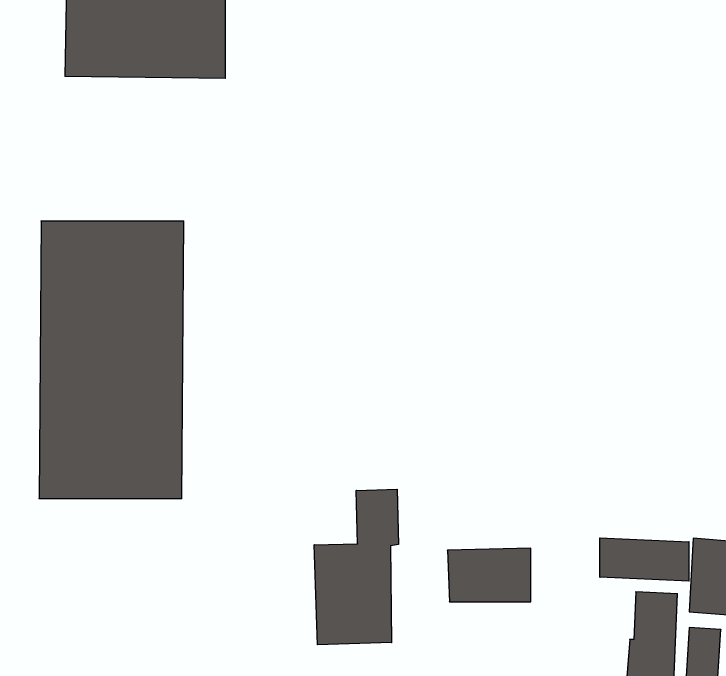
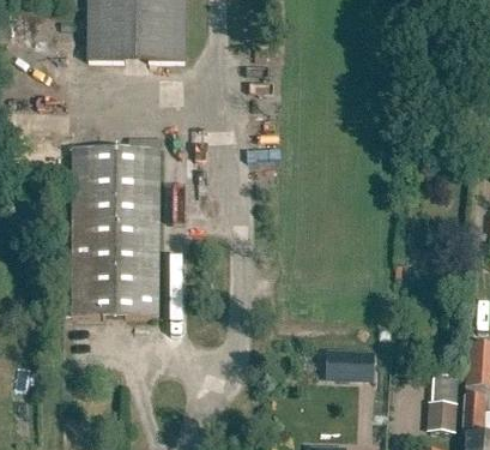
building: [314,489,398,645] -> none
building: [600,538,689,581] -> none

